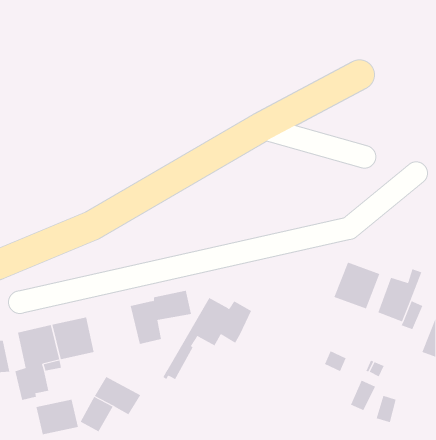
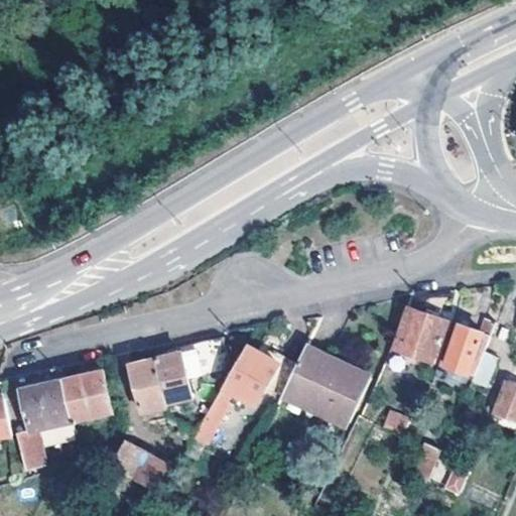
building: none -> [282,344,368,423]
building: none -> [129,358,164,412]
building: [36,399,78,435] -> none

